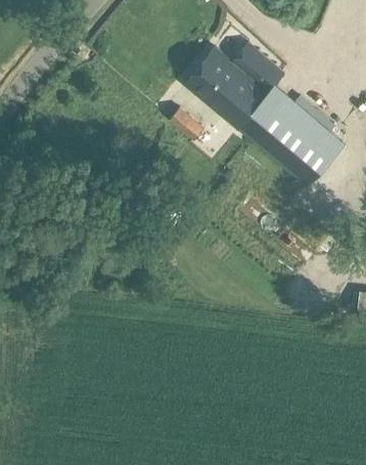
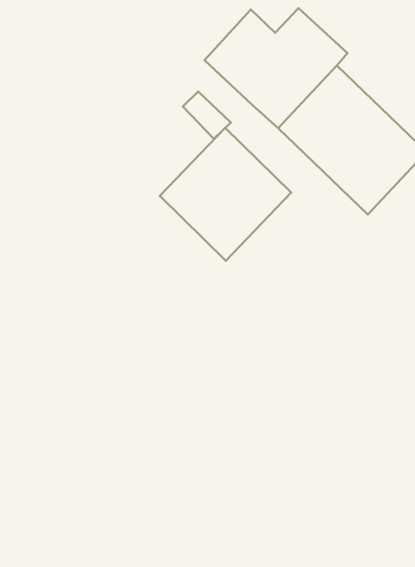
building: none -> [160,128,291,261]

